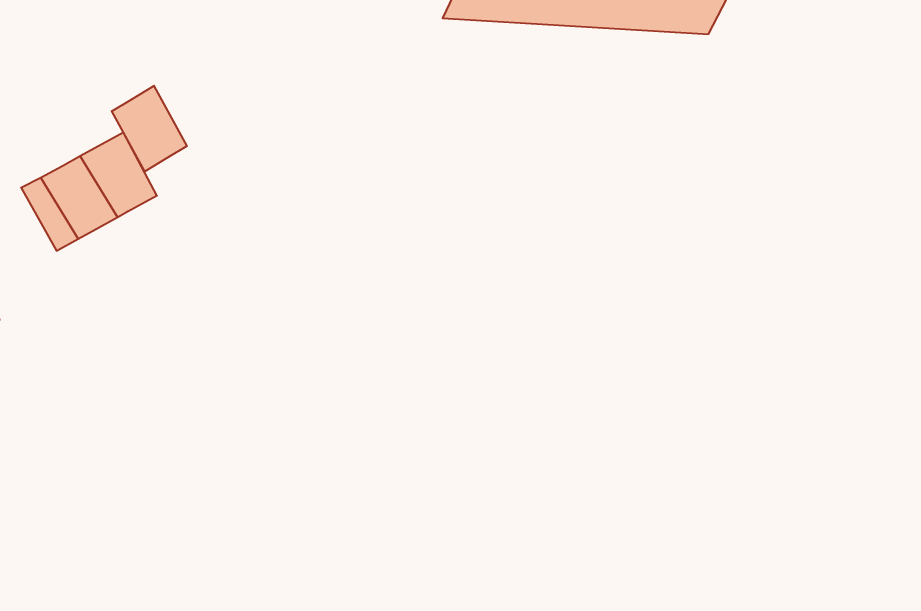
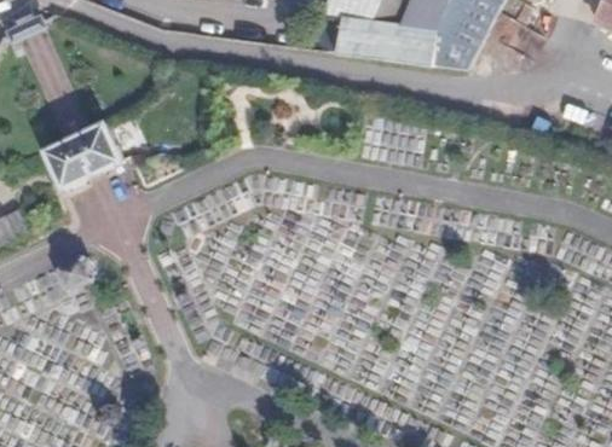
building: [112,86,187,172] -> none

